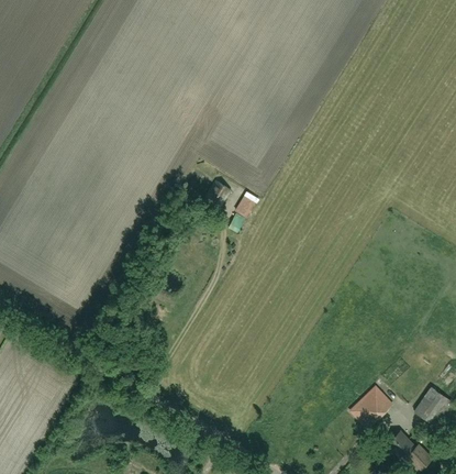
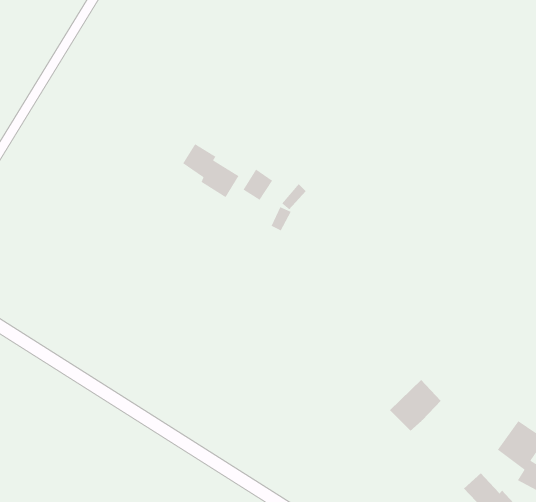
building: none -> [182,143,240,198]
building: [348,386,391,429] -> [389,379,441,432]

